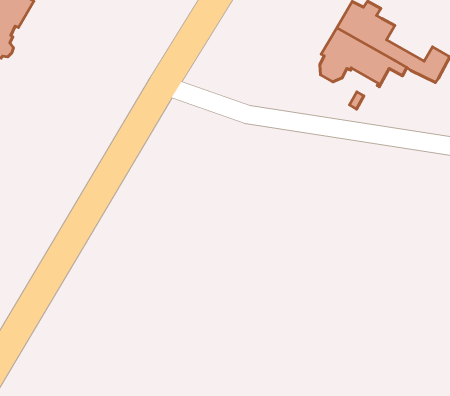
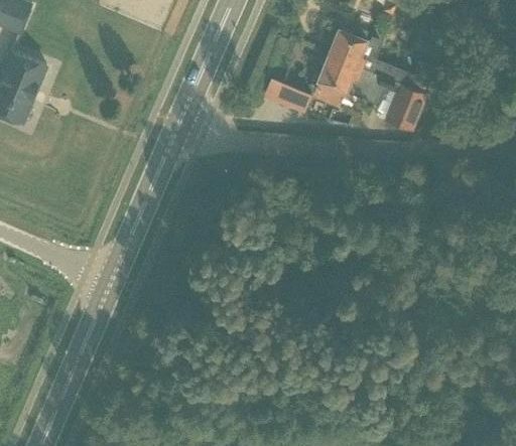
building: none -> [262,77,311,115]
building: none -> [381,84,424,132]

